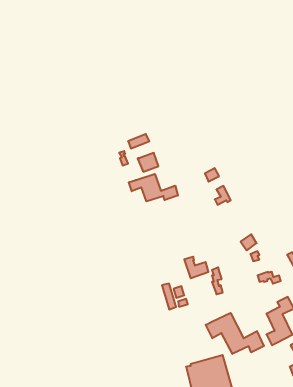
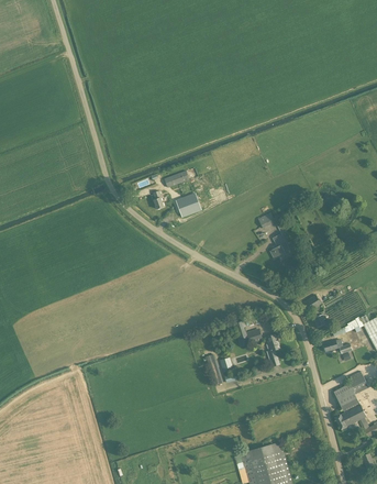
building: [129,174,178,201] -> none
building: [206,313,264,354] -> none

